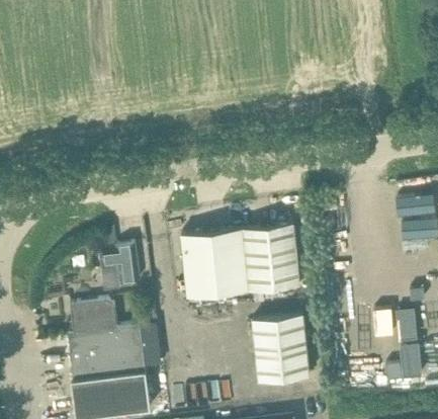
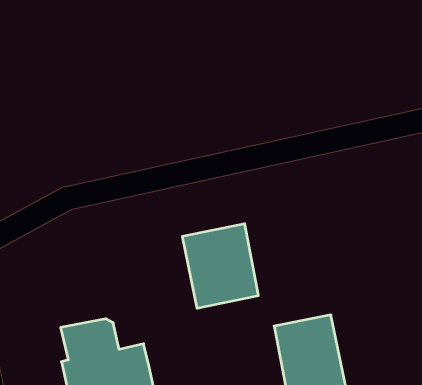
building: [236,226,299,294] -> none
building: [99,246,140,285] -> none

